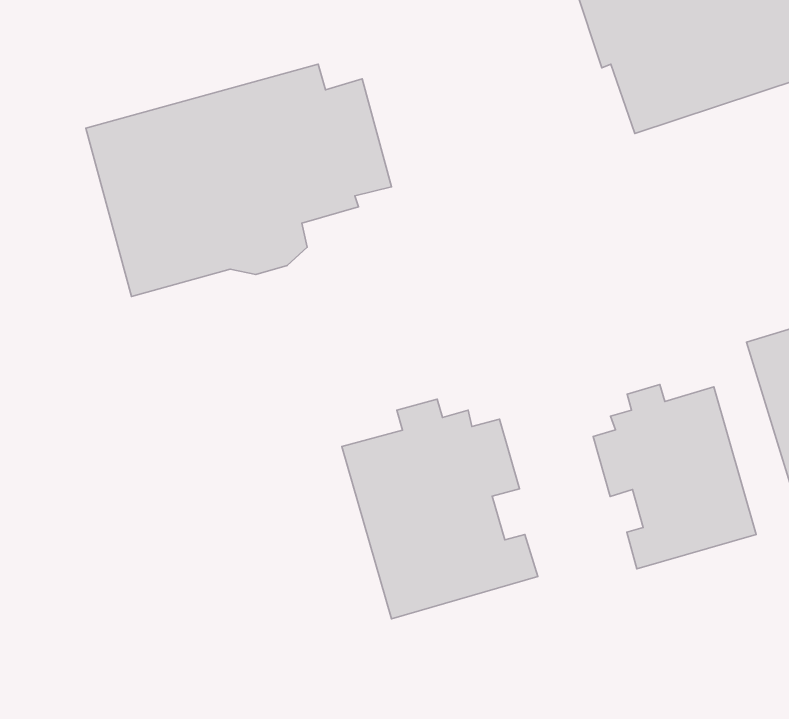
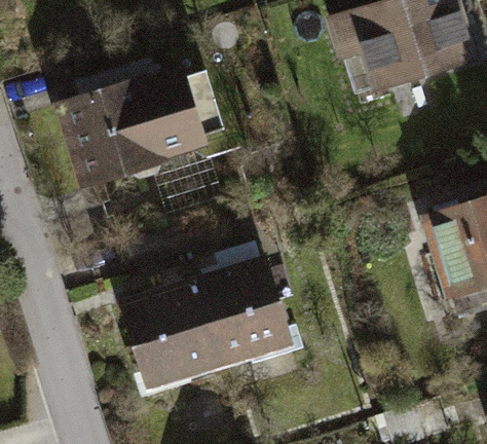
building: [593,384,756,569] -> none
building: none -> [124,275,223,393]

